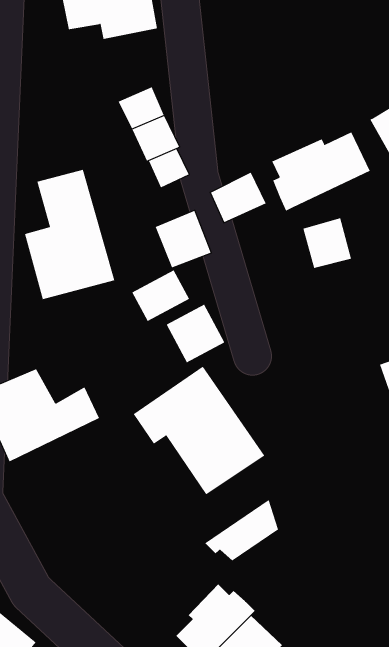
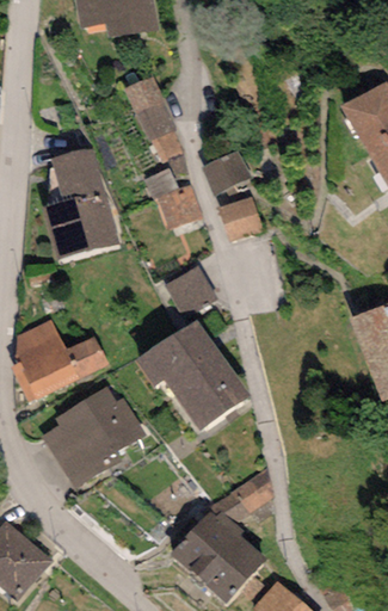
building: [272,132,370,212] -> none
building: [302,218,352,269] -> [218,196,261,240]
building: [132,269,190,322] -> none
building: none -> [41,385,144,489]
building: [205,499,279,561] -> [209,468,273,521]

